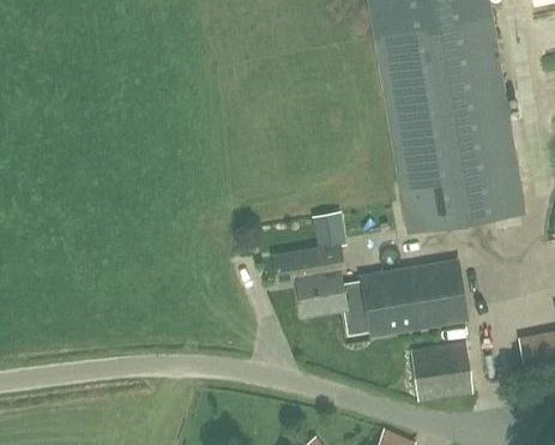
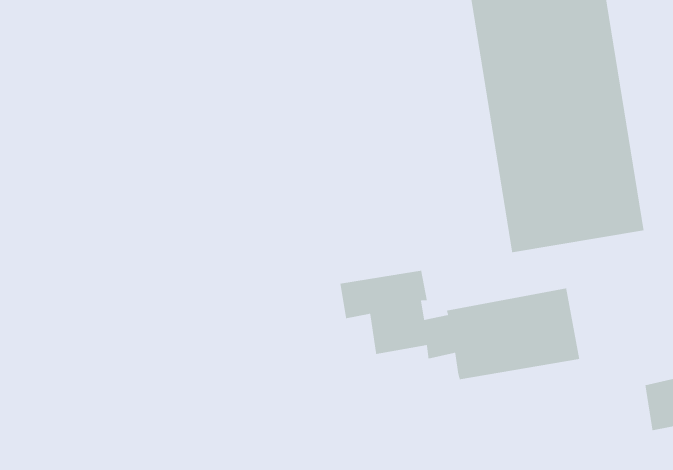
building: [316,214,349,246] -> none
building: [411,341,473,399] -> none

